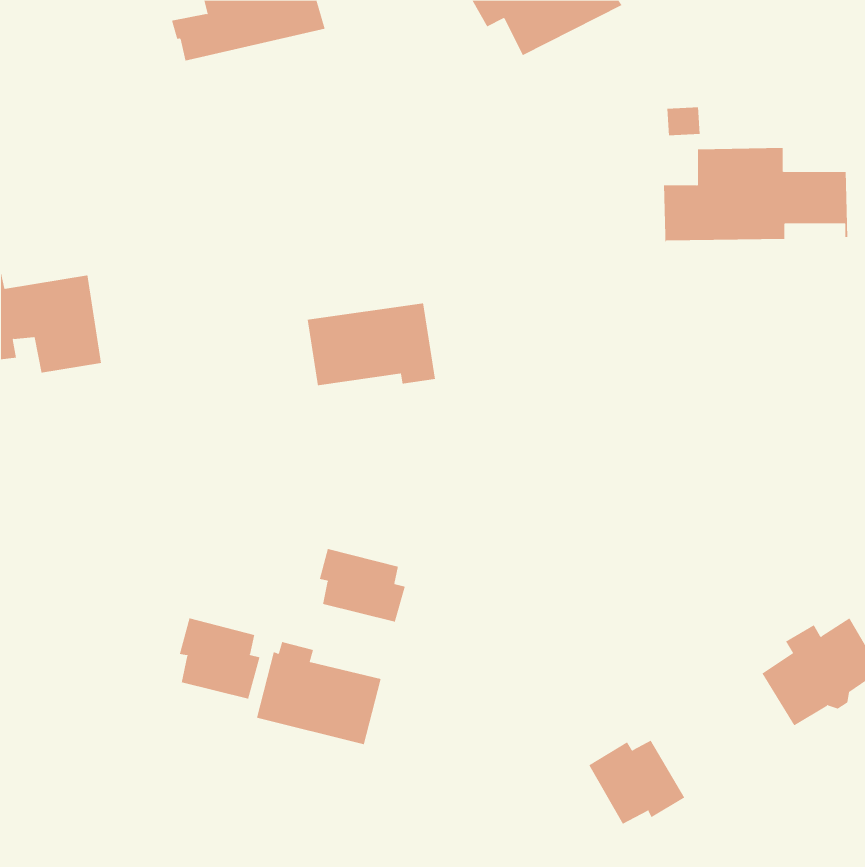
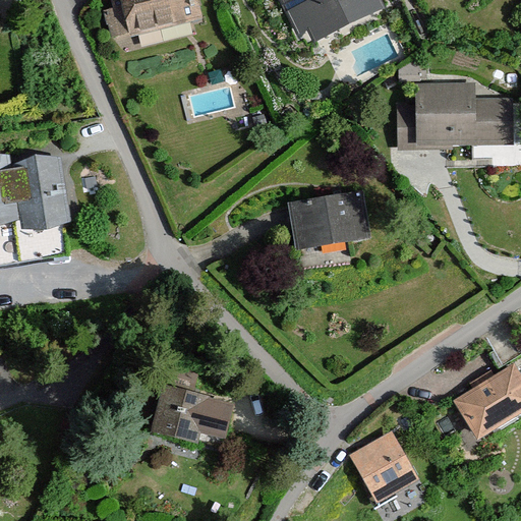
building: [307,303,436,386] -> [289,193,366,243]
building: [319,548,405,622] -> none
building: [179,618,260,699] -> none

